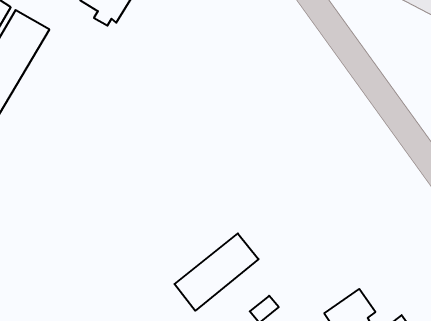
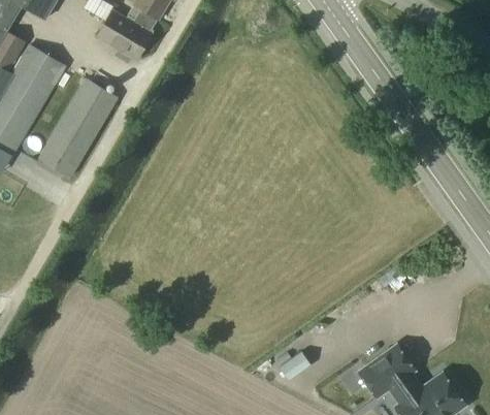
building: none -> [39,78,118,177]
building: [174,233,259,311] -> none

